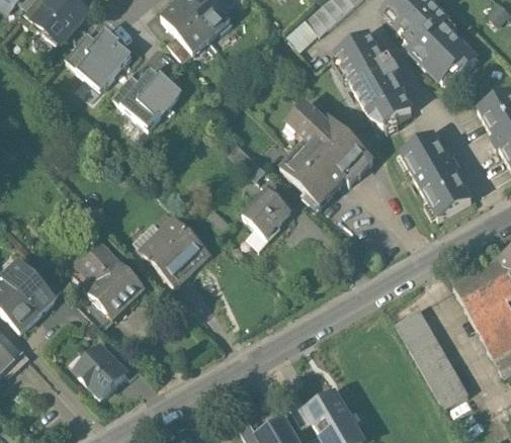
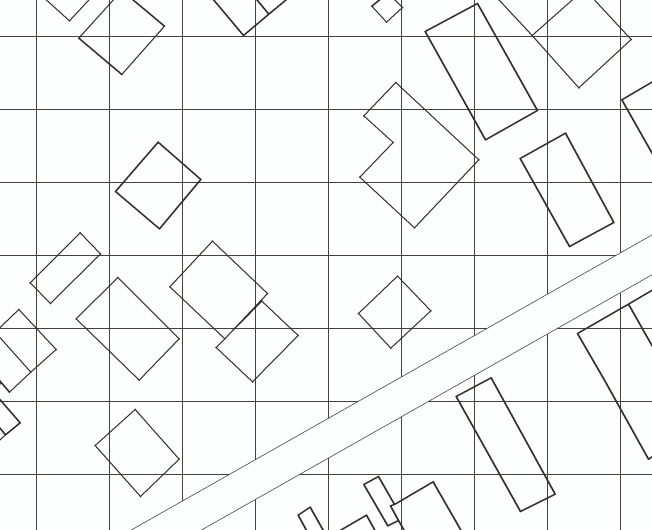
building: [112,58,177,123] -> [115,142,201,229]
building: [241,182,295,237] -> [359,276,431,348]
building: none -> [30,233,100,304]
building: none -> [216,301,298,382]
building: [394,308,469,410] -> [456,378,555,511]

